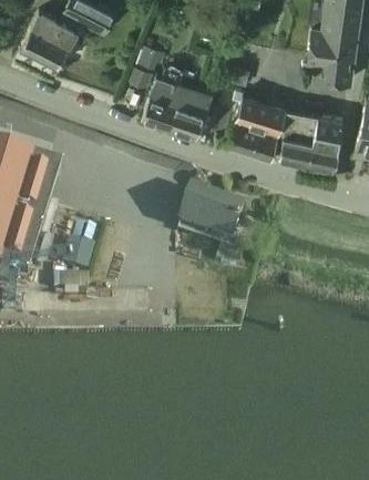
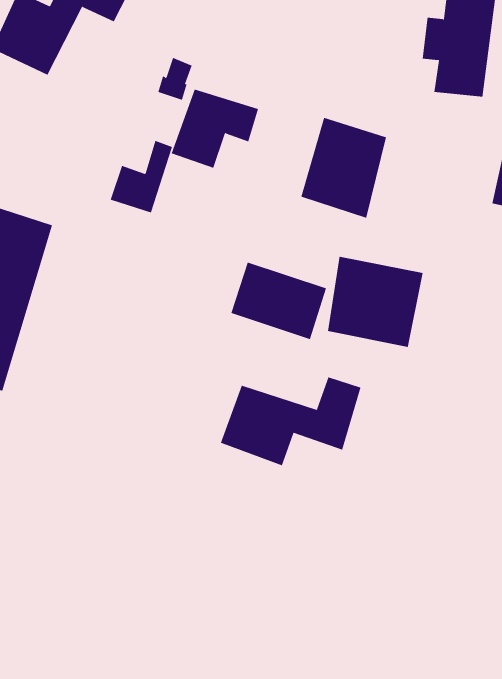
building: [171,89,213,137] -> [110,140,173,213]
building: [280,109,345,170] -> [327,256,424,348]
building: none -> [220,376,361,466]

